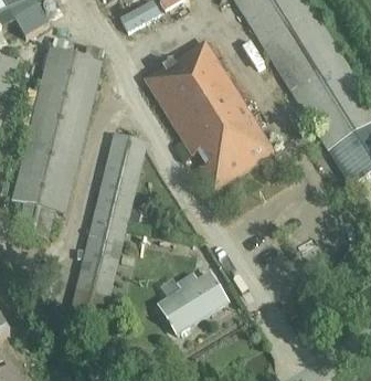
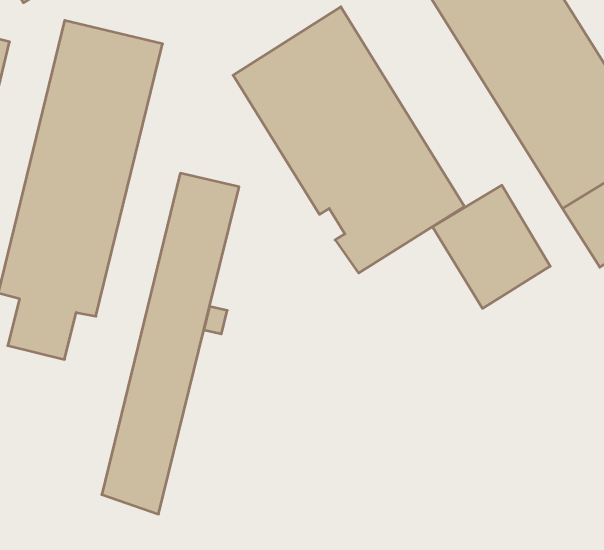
building: none -> [432,185,550,308]
building: [157,269,227,332] -> none

